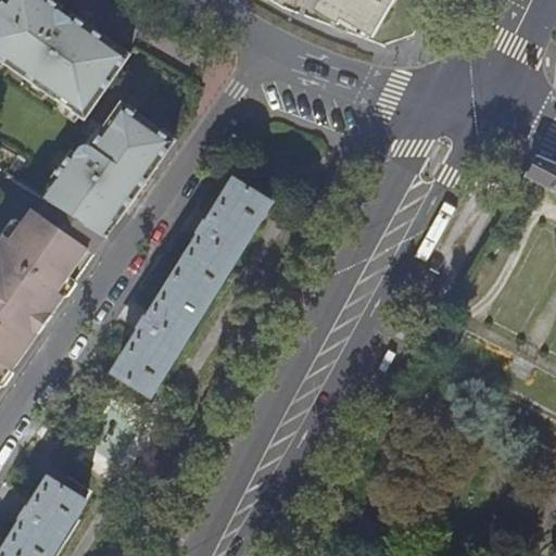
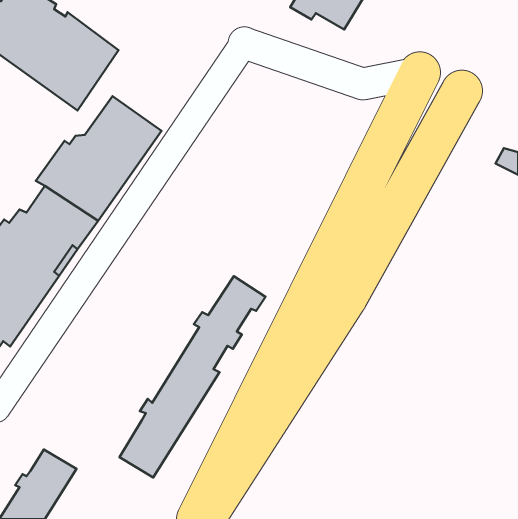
building: [113,178,268,392] -> [119,276,265,478]

